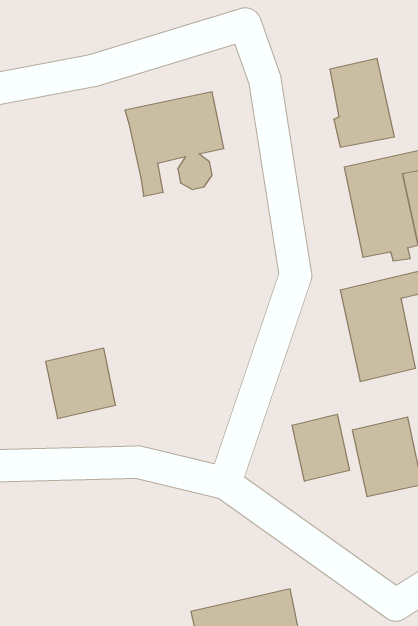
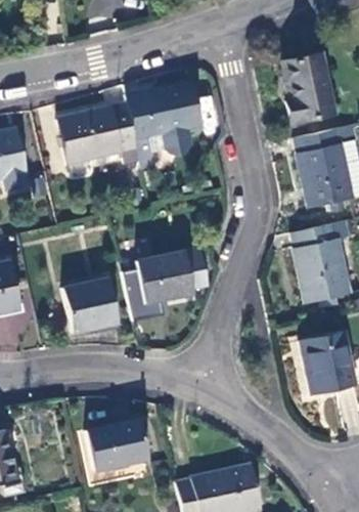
building: none -> [56,104,138,164]
building: none -> [135,248,208,303]
building: [292,414,349,481] -> none
building: none -> [85,419,146,471]

